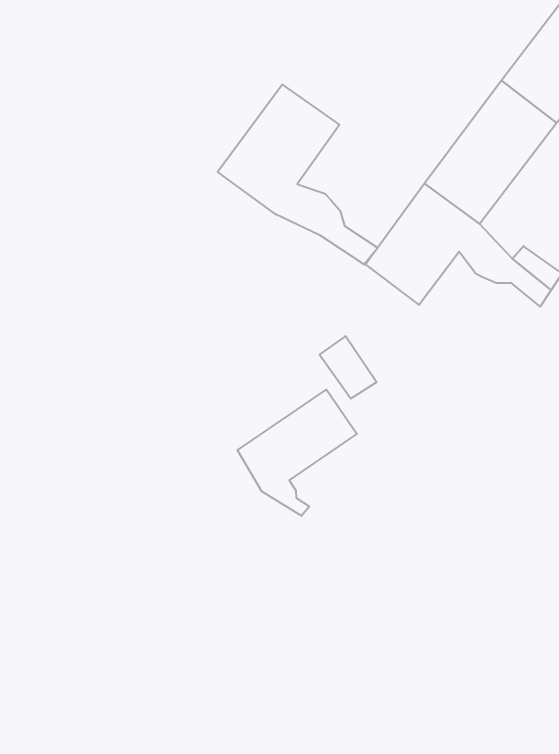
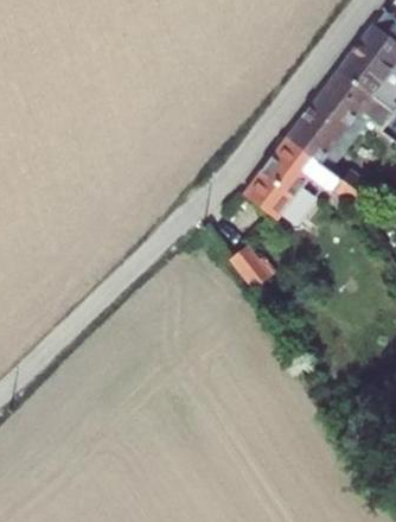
building: [218,84,378,265] -> none
building: [237,390,357,516] -> none

